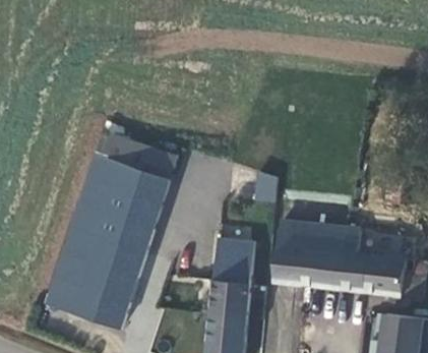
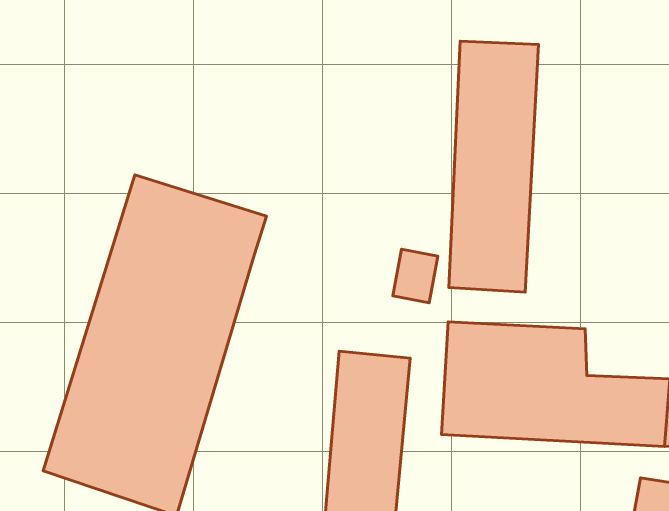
building: none -> [449,41,539,292]

